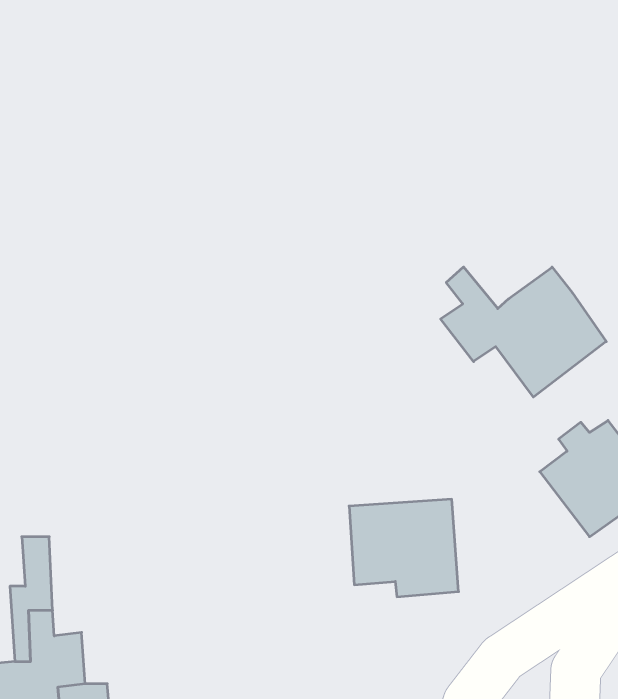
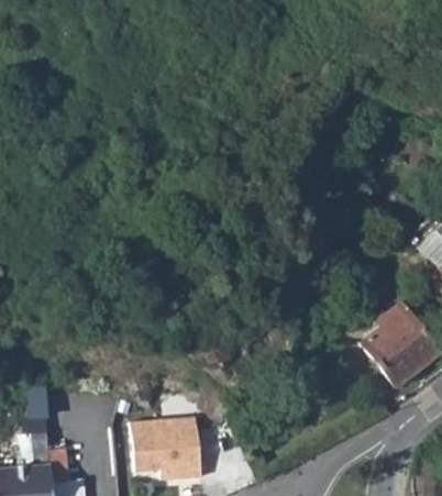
building: [441,267,606,397] -> none
building: [349,499,459,597] -> [131,416,201,478]

